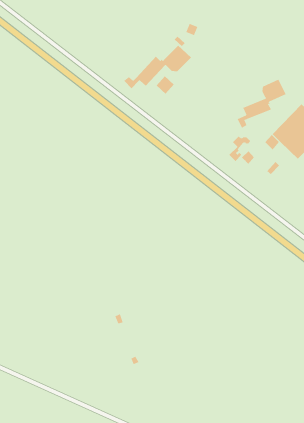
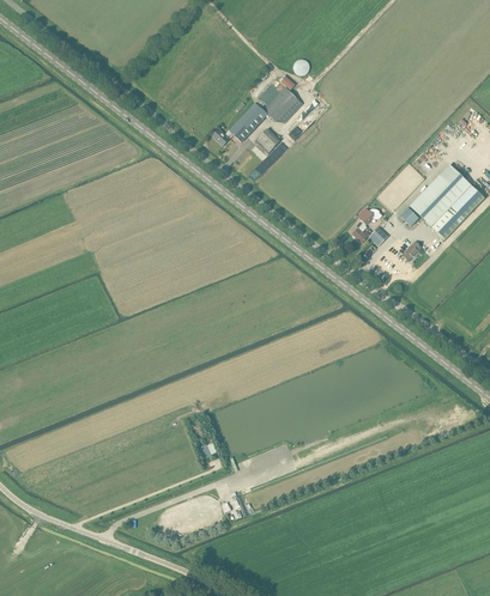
building: [237,79,286,128] -> none

